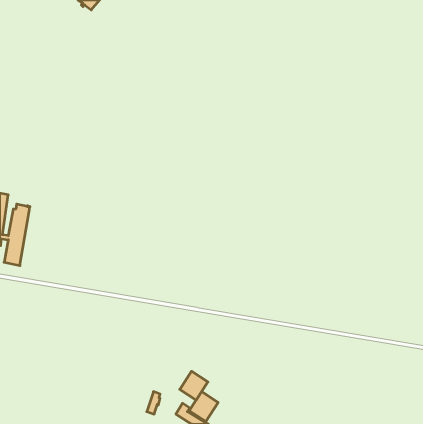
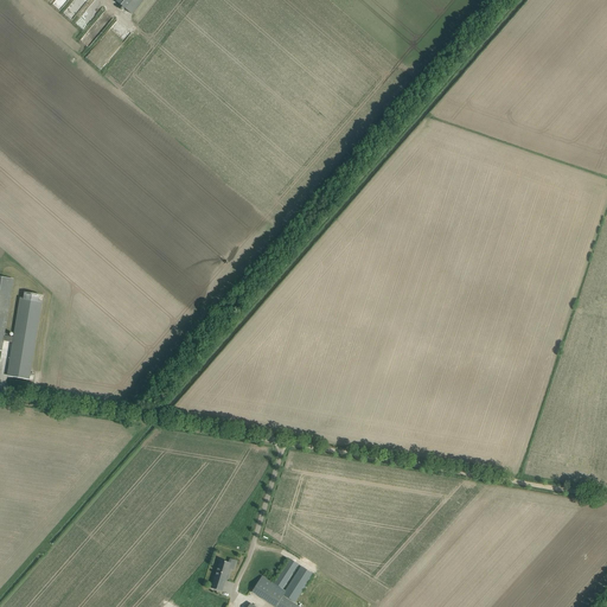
building: [180,371,208,400] -> none

